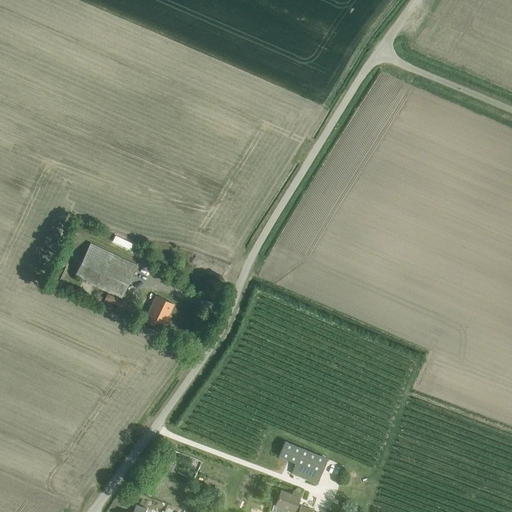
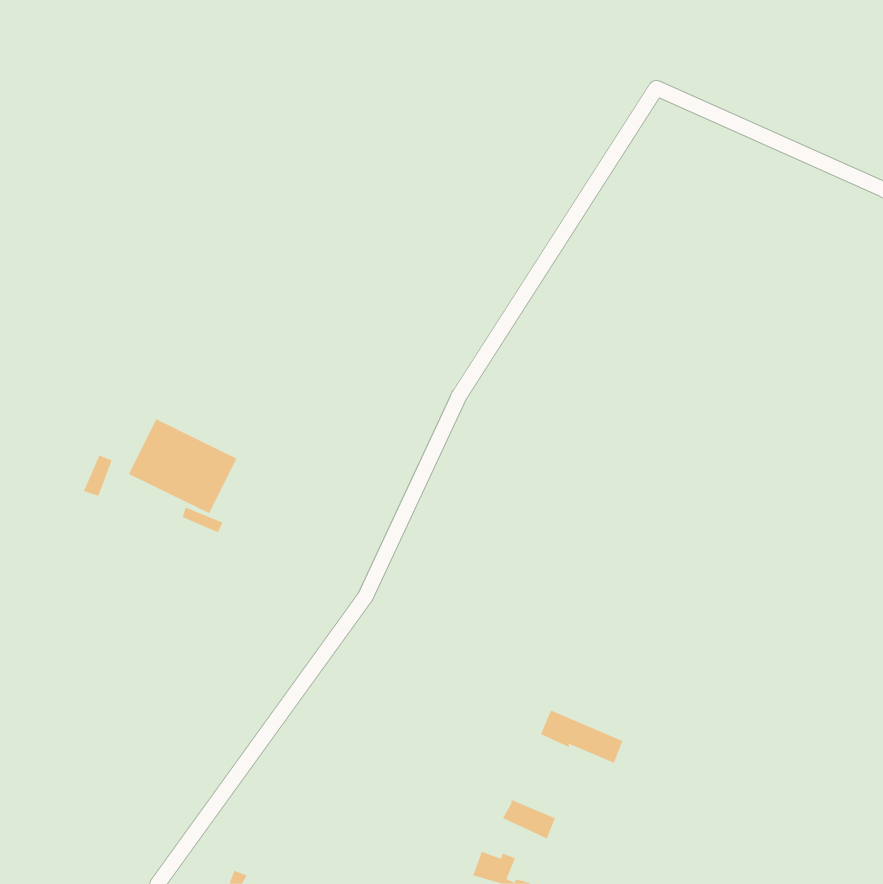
building: [145,295,174,326] -> none
building: [279,442,327,473] -> [540,710,623,763]

